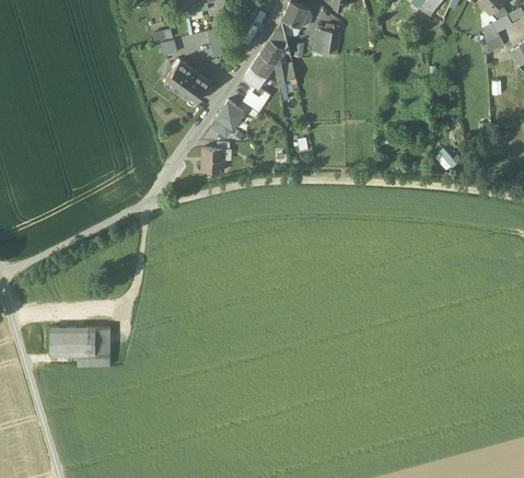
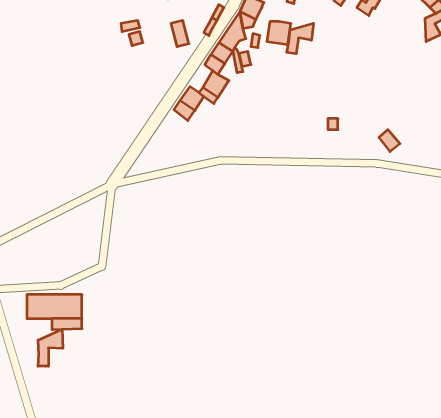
building: none -> [287,23,313,54]
building: [167,59,211,100] -> none
building: [202,148,224,171] -> none
building: none -> [38,329,63,366]

